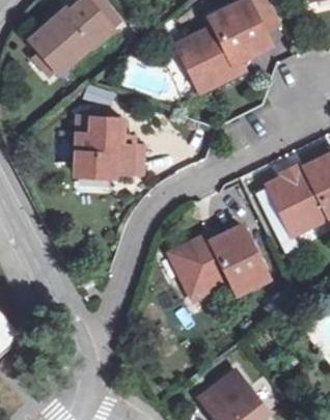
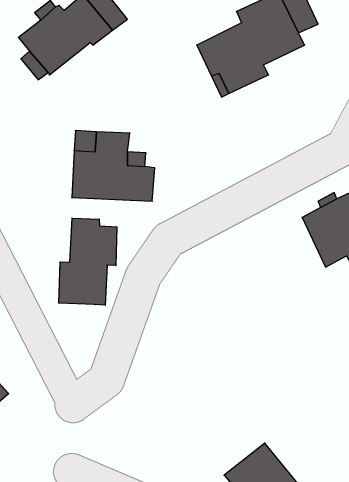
building: none -> [59,218,117,305]
building: [170,228,268,297] -> none

